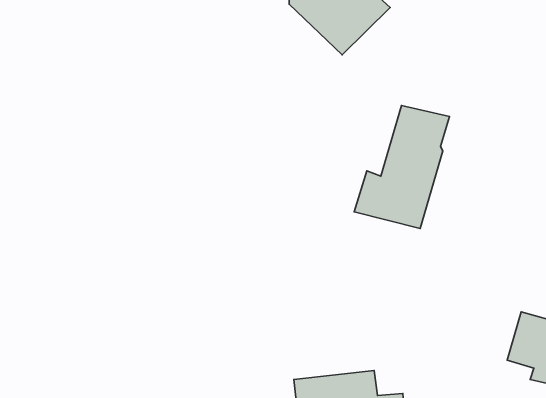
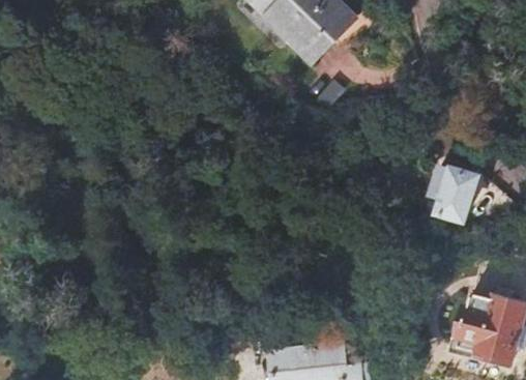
building: [354,106,450,229] -> none
building: none -> [431,168,472,221]

